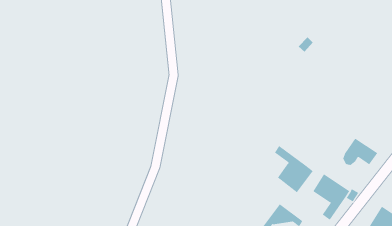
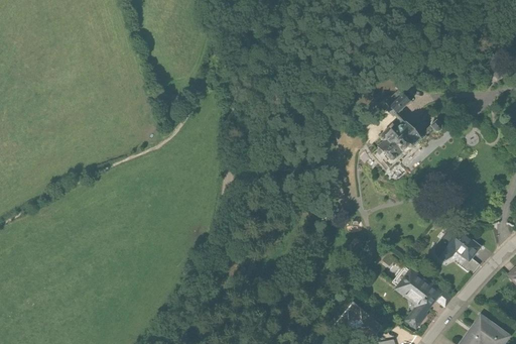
building: none -> [378,121,420,158]
building: [274,145,314,193] -> none

